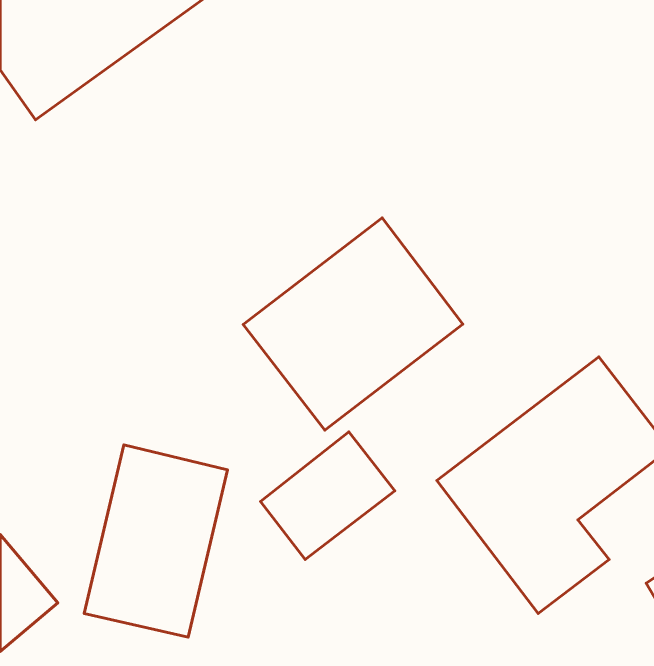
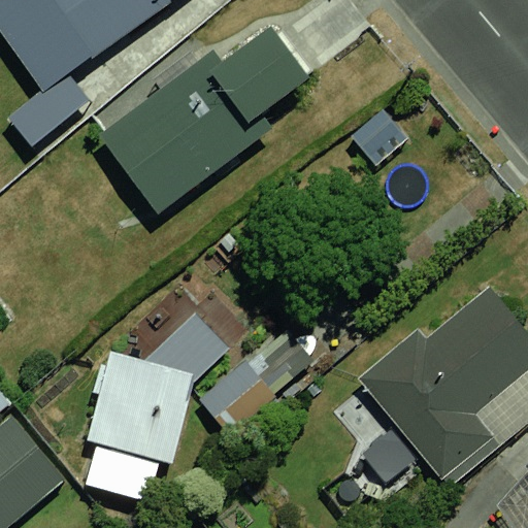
building: none -> [99,14,322,214]
building: [243,218,463,430] -> none

